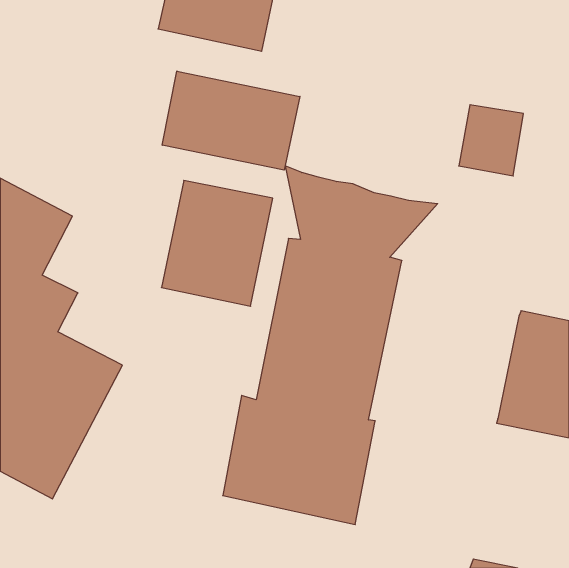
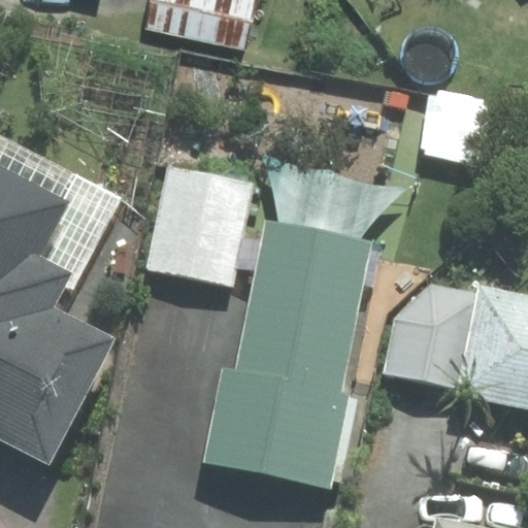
building: [162,71,300,170] -> none
building: none -> [383,283,481,388]

